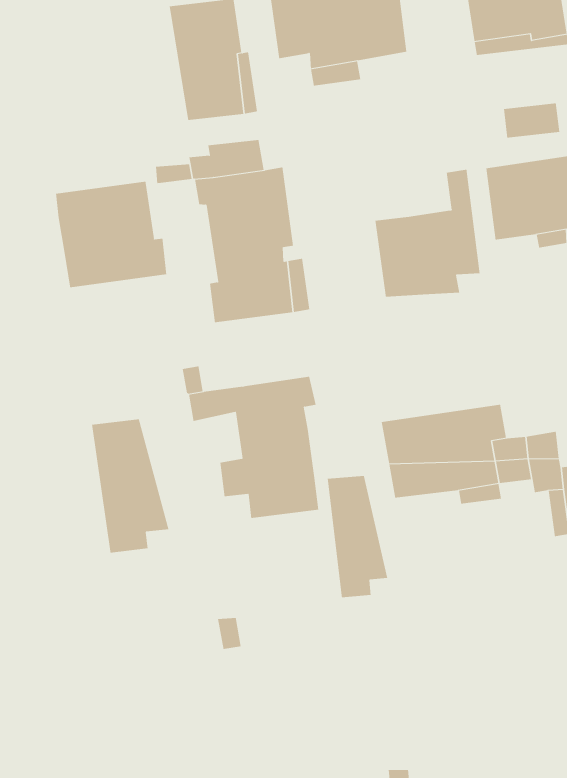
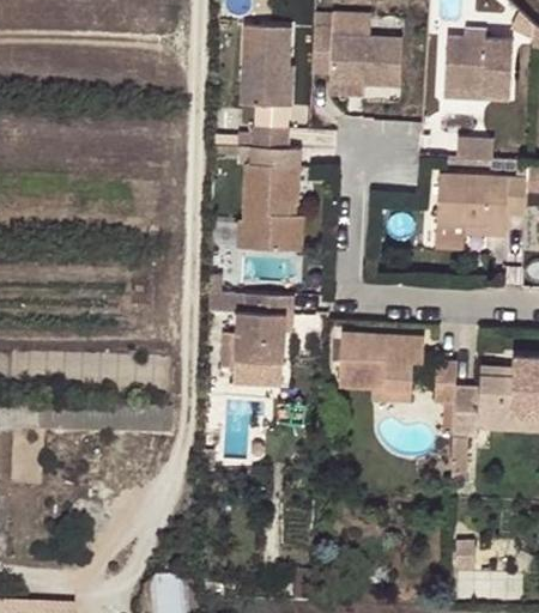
building: [375,169,480,297] -> none
building: [55,181,167,288] -> none
building: [92,419,169,553] -> none
building: [327,475,388,598] -> none

